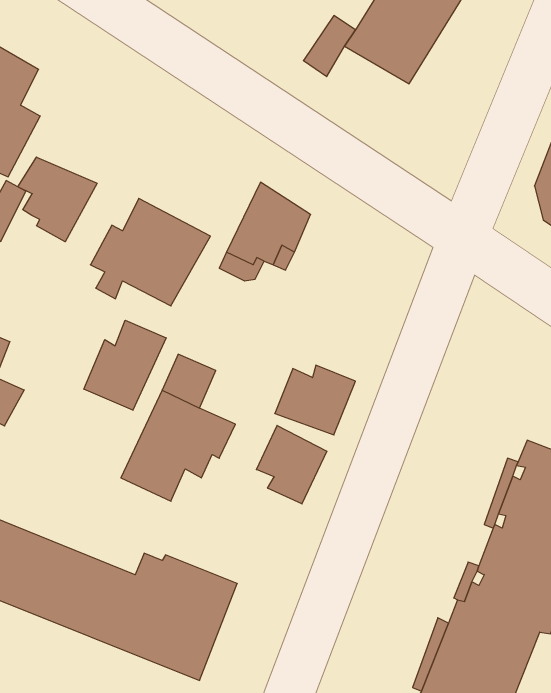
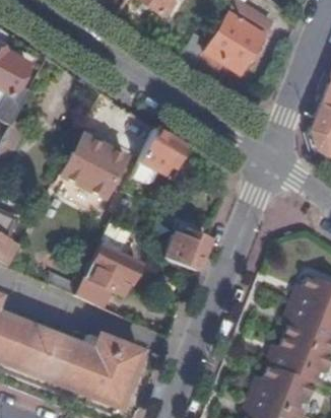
building: [18,157,97,242] -> none
building: [84,320,166,410] -> none
building: [256,425,327,504] -> none

